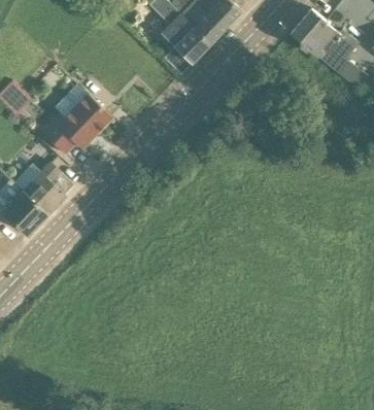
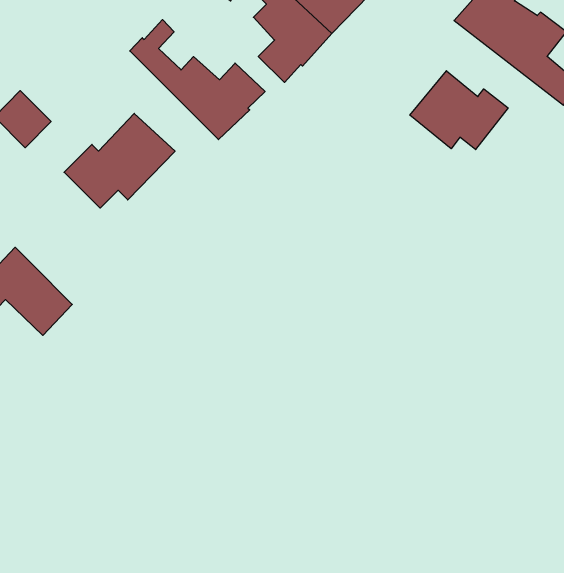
building: none -> [130,20,265,140]
building: none -> [410,71,508,150]
building: [21,162,73,214] -> none

